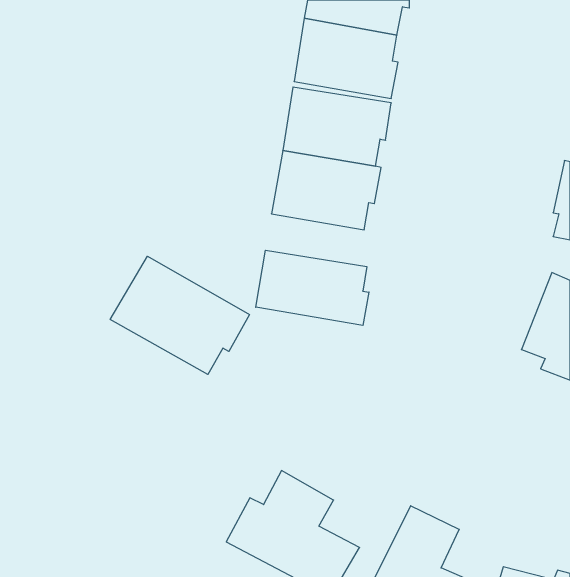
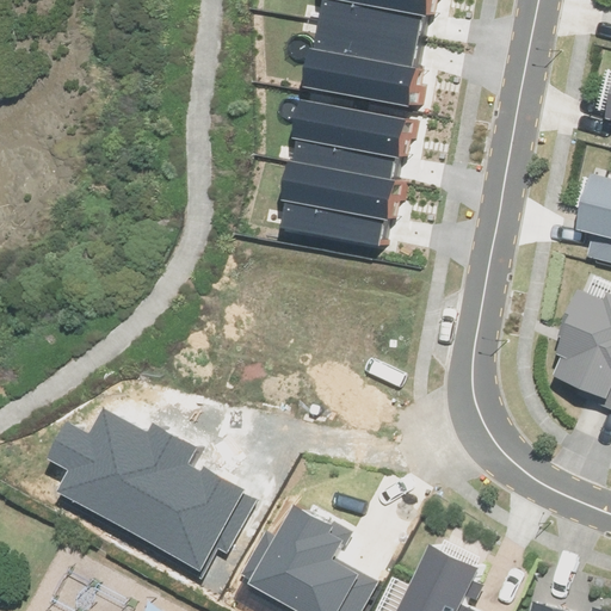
building: [256,250,369,325] -> none
building: [110,256,249,374] -> none
building: none -> [36,409,249,580]

